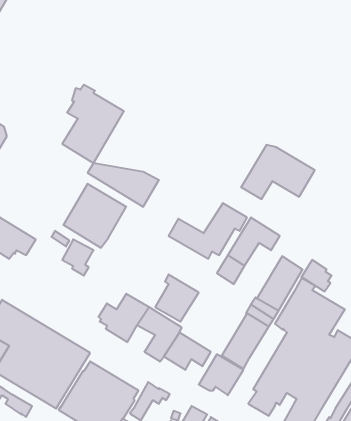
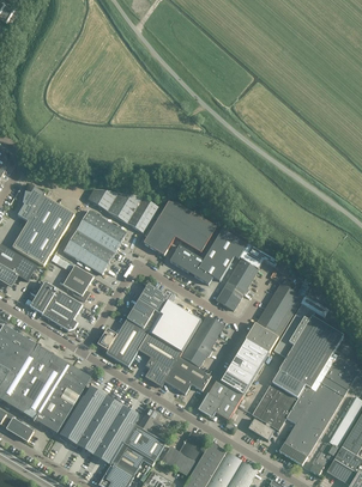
building: [62,85,124,163] -> [12,188,73,266]
building: [241,145,315,199] -> [141,202,215,256]
building: none -> [30,282,82,330]
building: none -> [126,286,171,333]
building: none -> [181,315,223,366]

